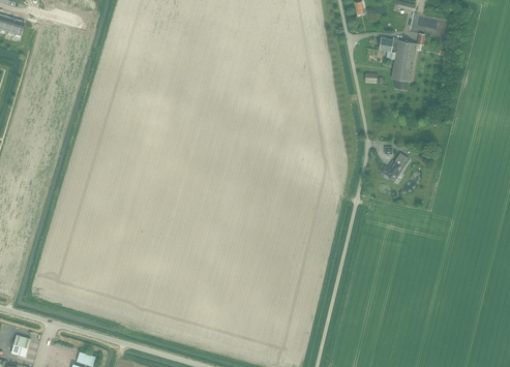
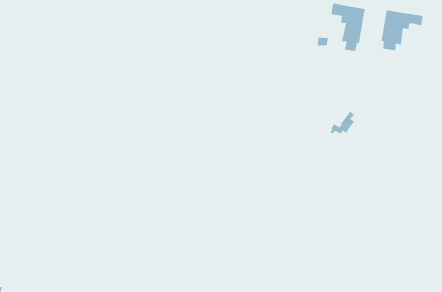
building: none -> [381,10,423,51]

